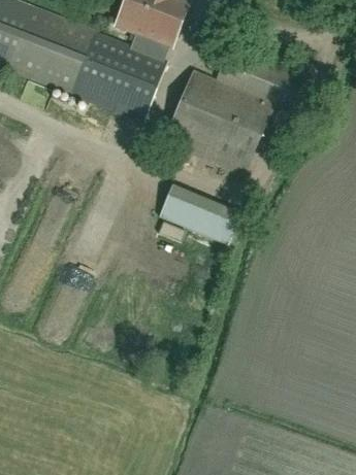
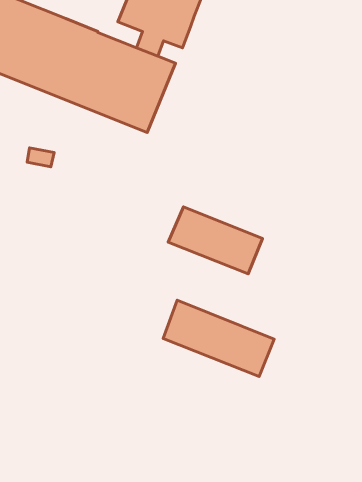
building: [163,48,301,175] -> none
building: none -> [163,300,274,377]

